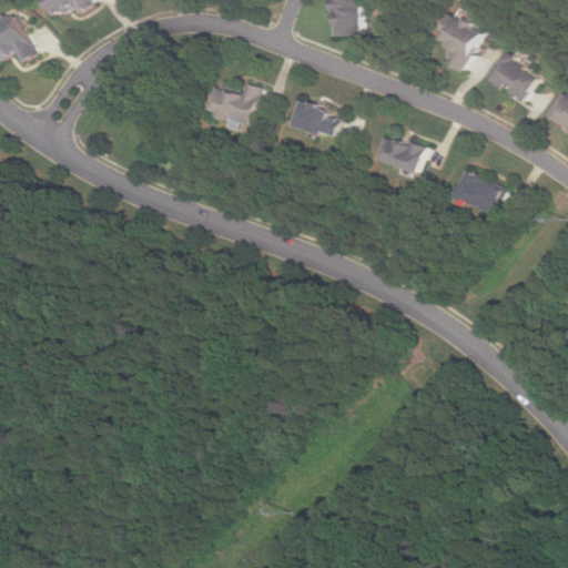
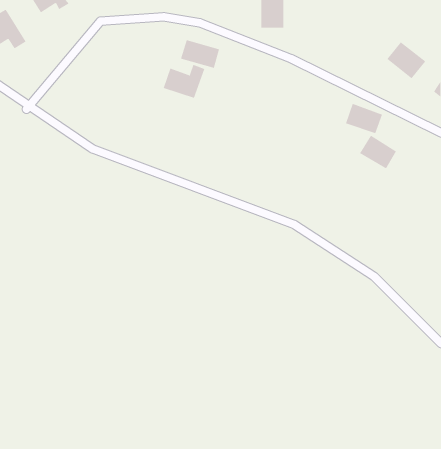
building: [433,11,481,72] -> none
building: [290,101,339,138] -> [180,39,220,69]
building: [376,133,424,172] -> [345,103,383,134]

